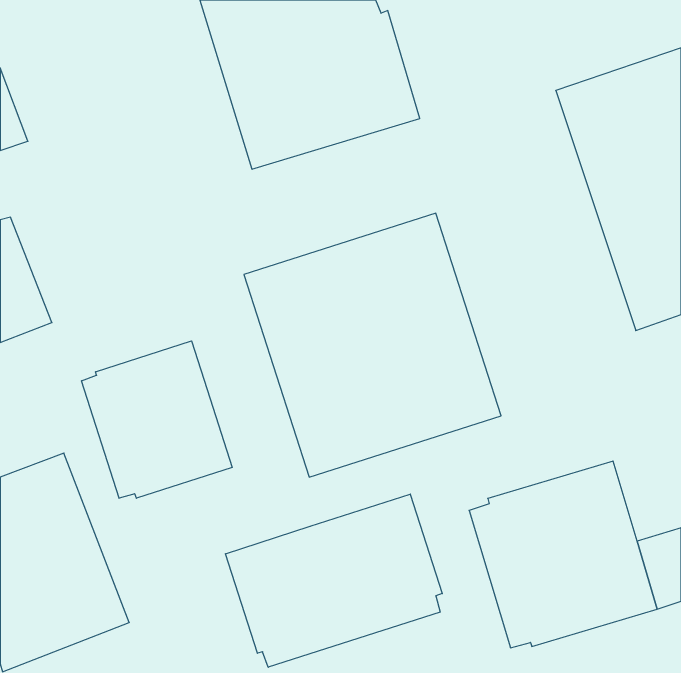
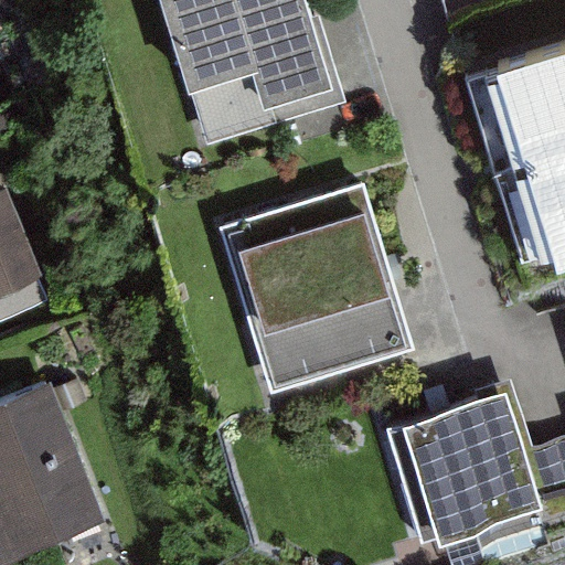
building: [82,341,232,498] -> none
building: [225,494,442,667] -> none

